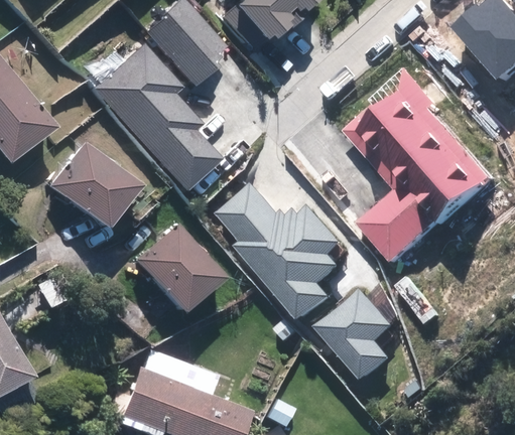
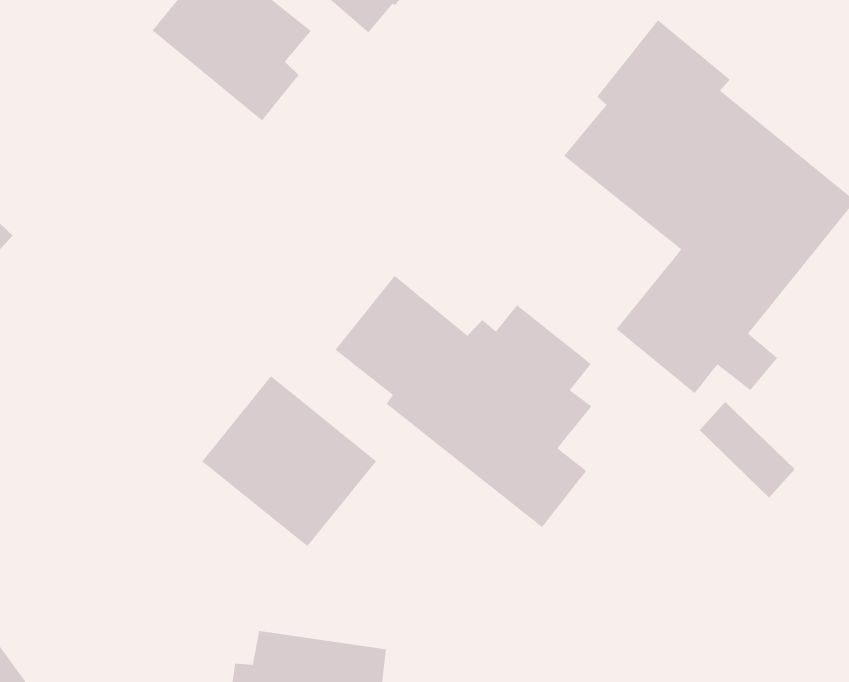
building: [91,43,222,193] -> none
building: [47,141,140,230] -> none
building: [312,286,394,385] -> none

